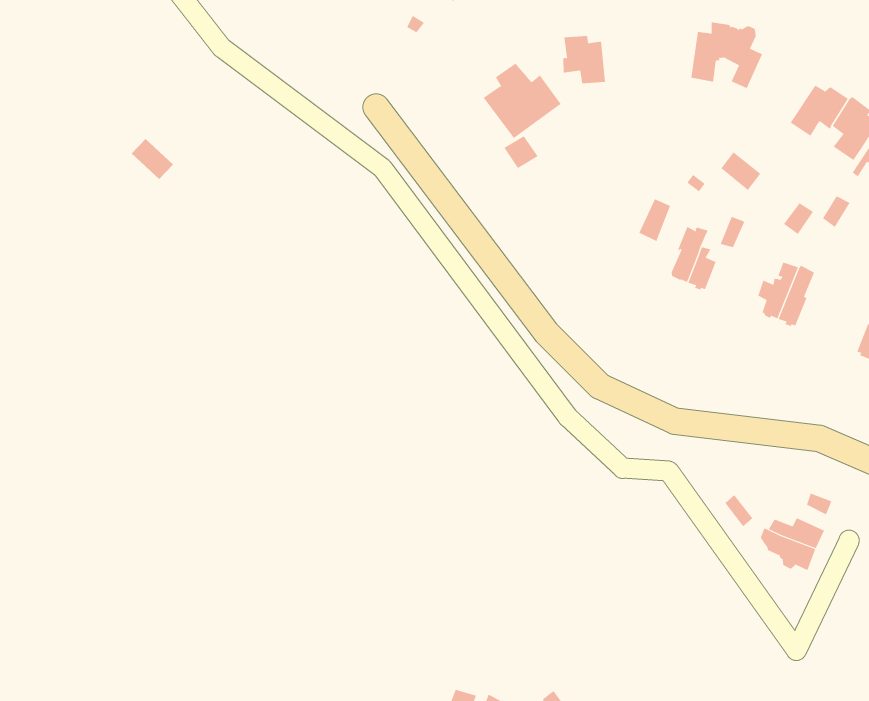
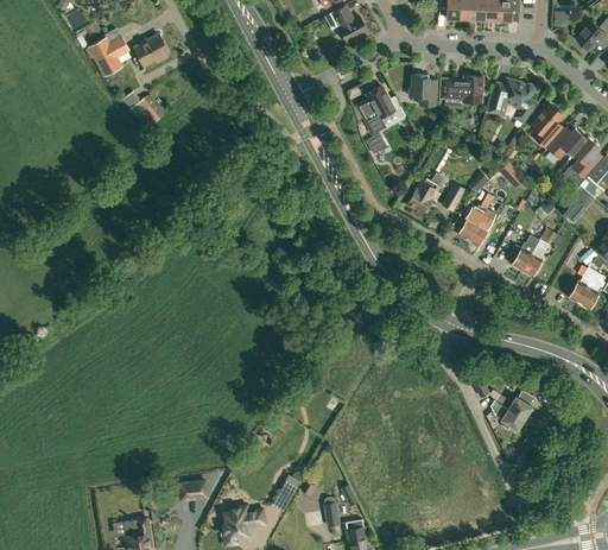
building: none -> [439,76,482,105]
building: none -> [134,33,167,65]
building: none -> [89,36,128,75]
building: none -> [531,103,562,146]
building: none -> [407,176,442,215]

